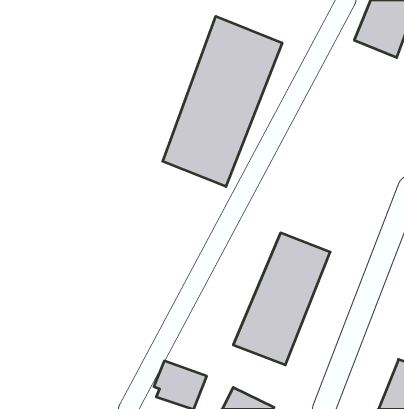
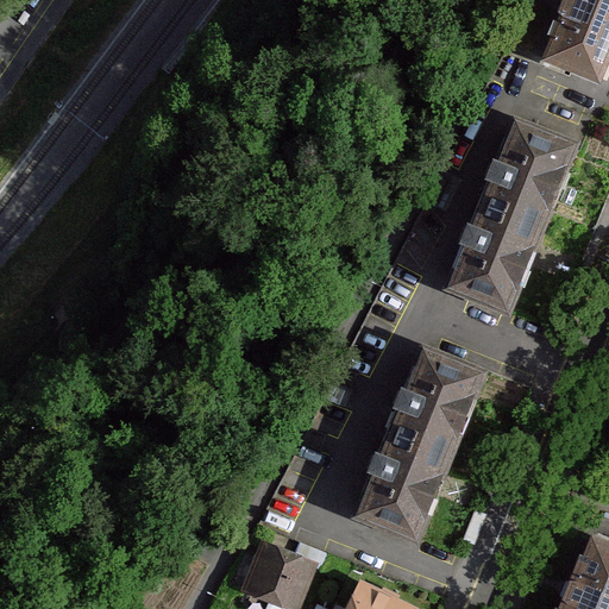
building: [163,16,282,187] -> none
building: none -> [431,115,573,313]

